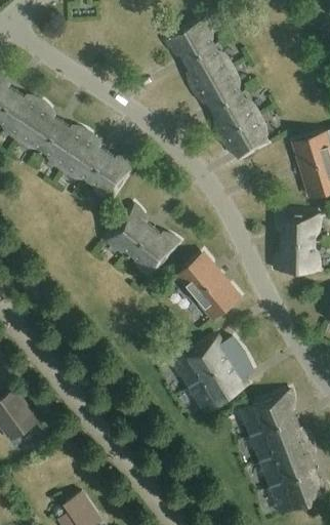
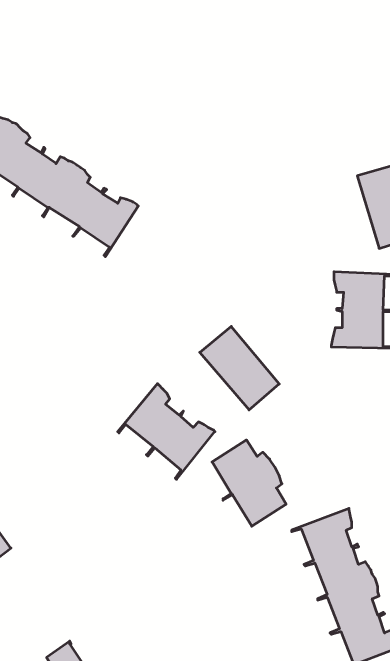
building: [174,19,276,159] -> none
building: [106,206,178,278] -> [118,384,215,479]

